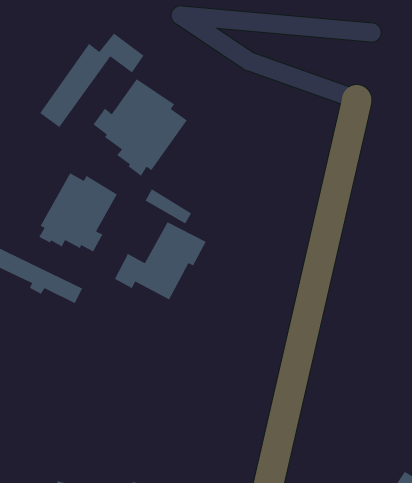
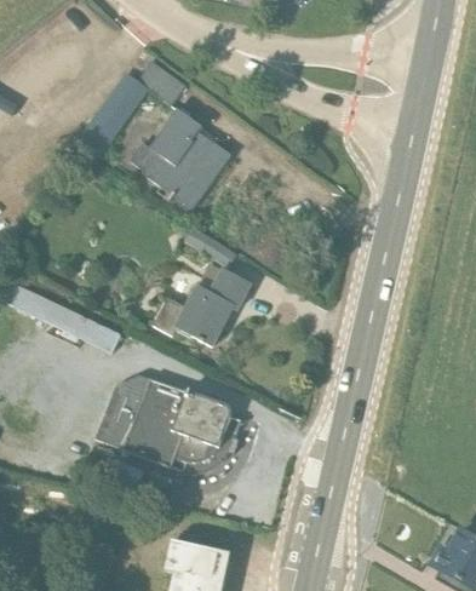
building: [38,172,118,253] -> none
building: none -> [96,374,240,472]

